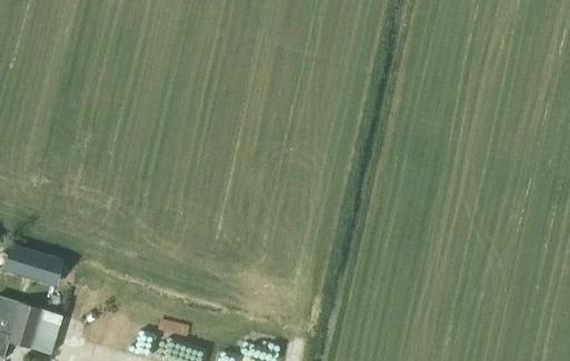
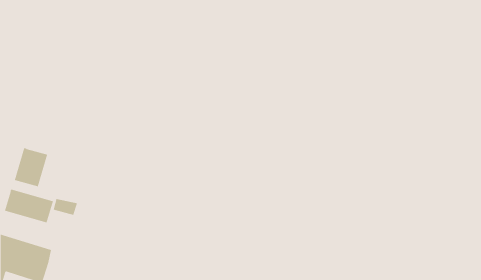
building: none -> [14,148,48,187]

